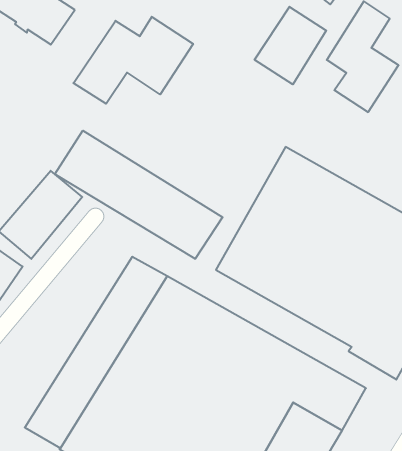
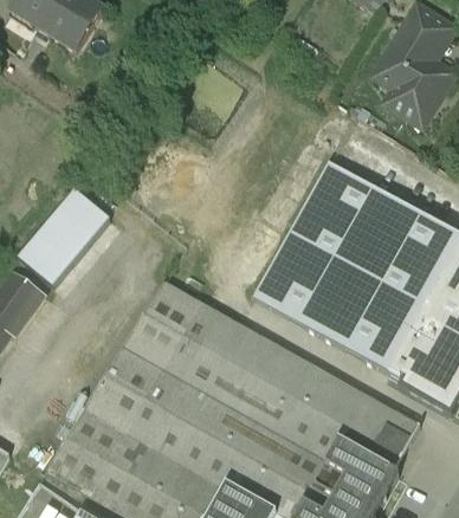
building: [255,7,326,84] -> none
building: [73,17,193,104] -> none
building: [55,131,223,259] -> none

